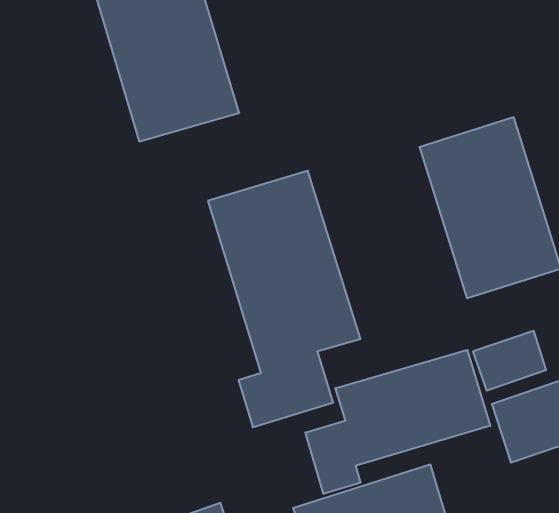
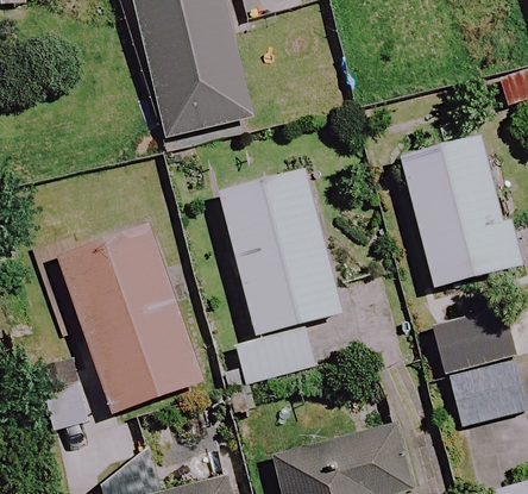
building: none -> [59,221,202,412]
building: [305,350,490,494] -> none

